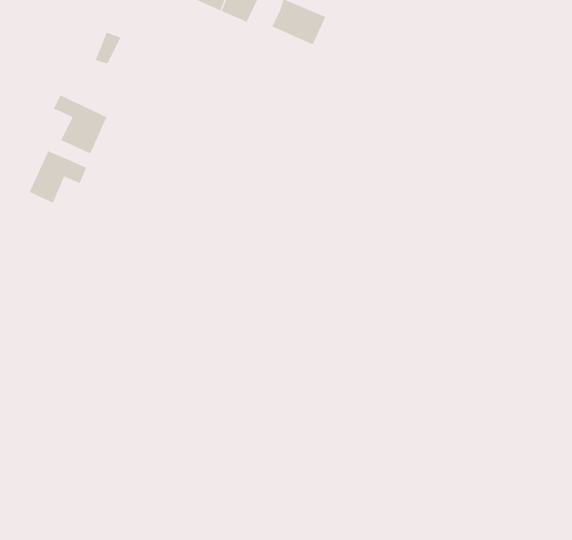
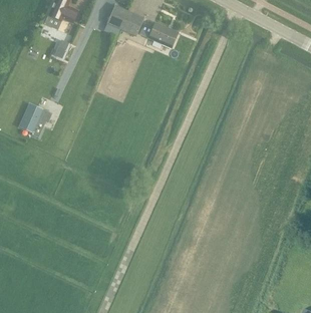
building: [53,95,107,154] -> none

